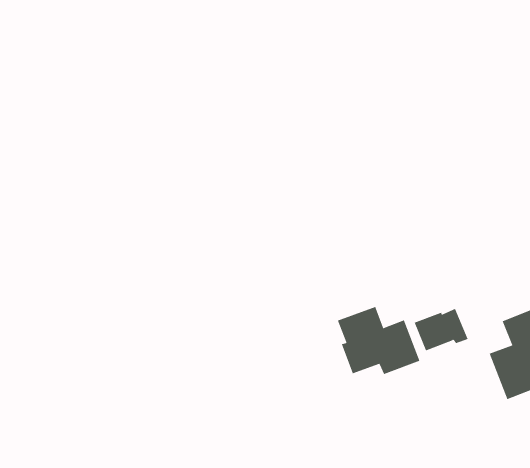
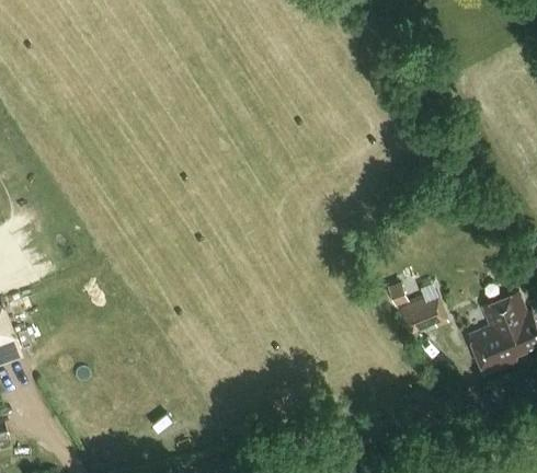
building: [337,306,420,375] -> none

